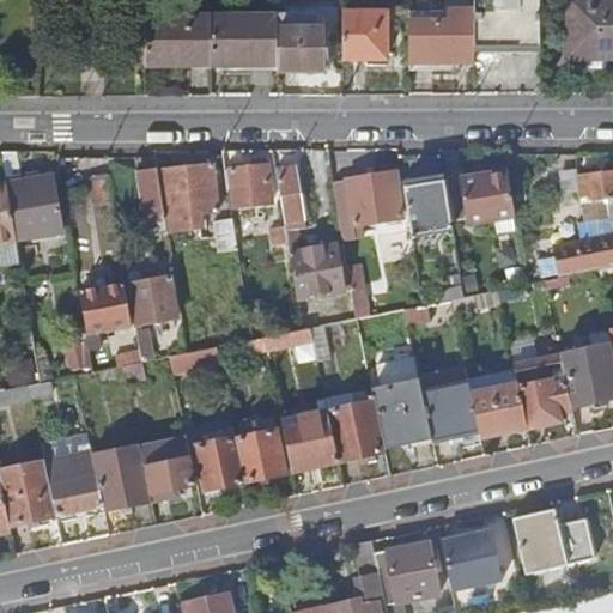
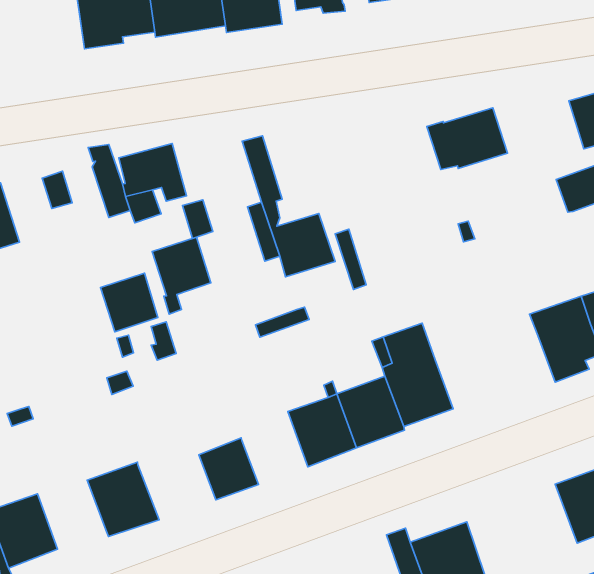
building: [229,157,272,205] -> none
building: [333,171,402,225] -> none
building: [403,180,453,235] -> none
building: [81,283,131,348] -> [152,237,211,314]
building: [421,382,479,441] -> none
building: [479,383,527,435] -> none
building: [236,430,286,481] -> none
building: [139,437,196,500] -> none
building: [45,449,102,514] -> none
building: [449,529,503,583] -> none

